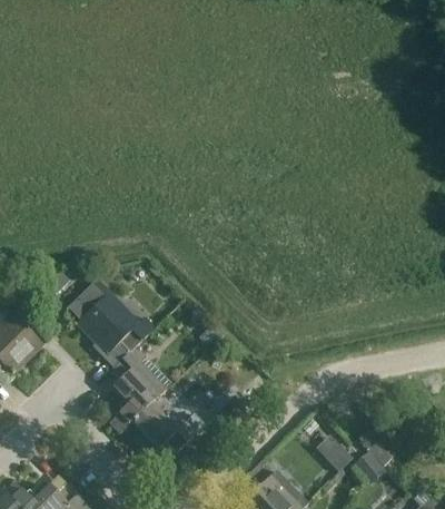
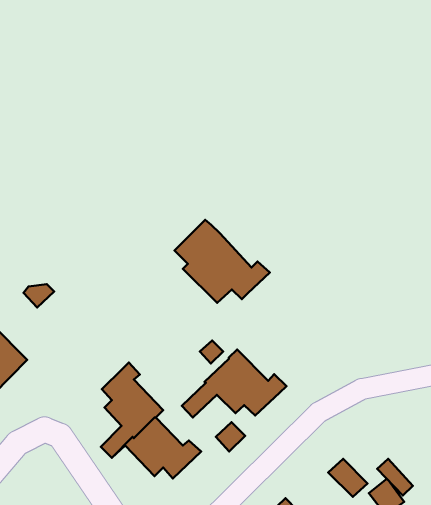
building: [68,280,155,355] -> [174,220,270,303]
building: none -> [182,349,286,418]

